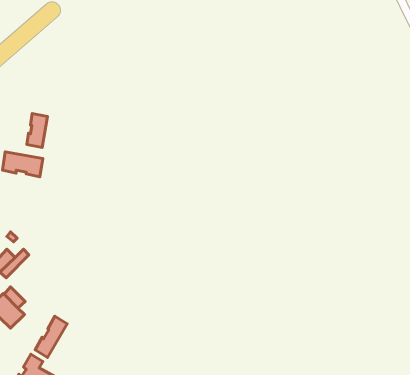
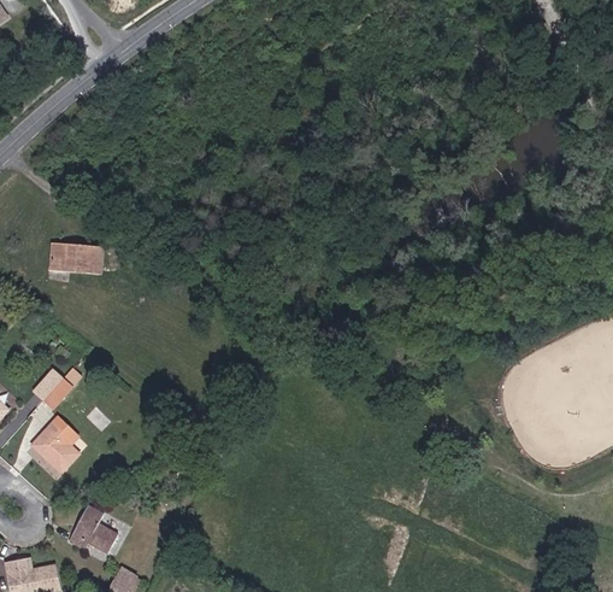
building: [27,114,48,147] -> none
building: [35,316,67,357] -> none

